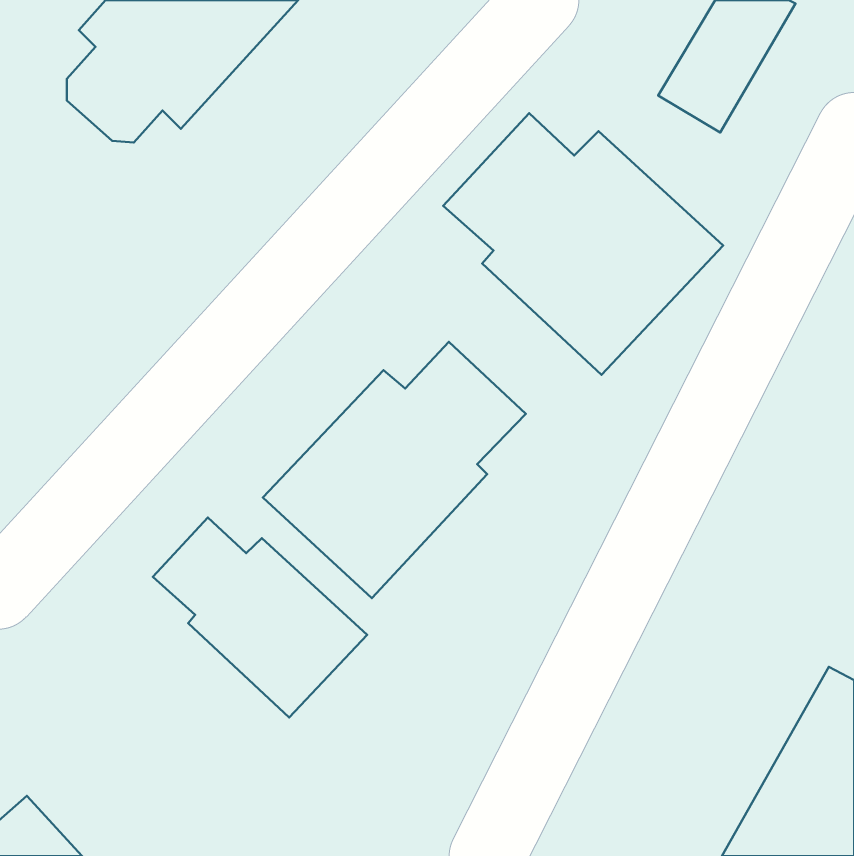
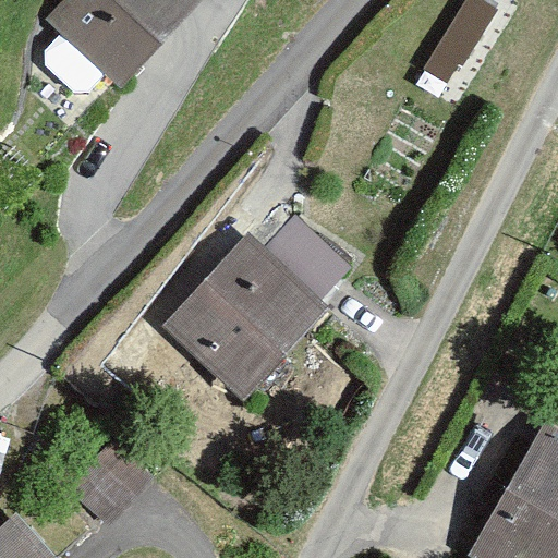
building: [443,113,723,375] -> none
building: [153,518,367,718] -> none

